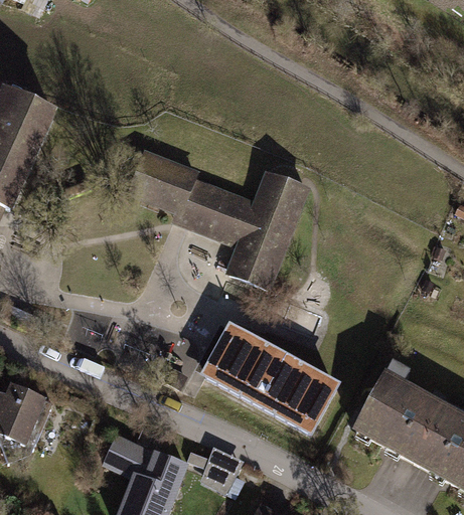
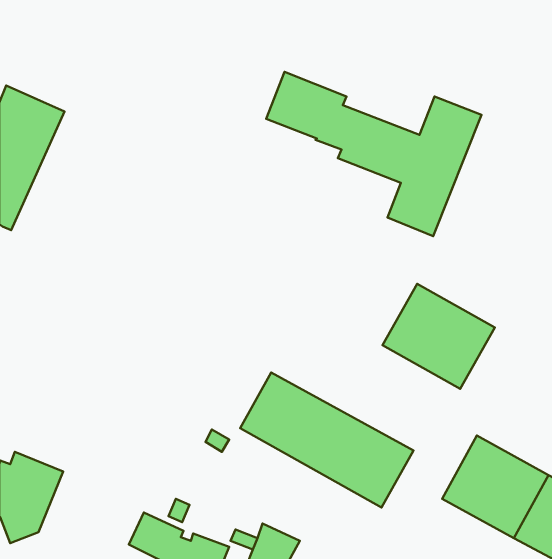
building: [132,153,307,287] -> [266,72,481,236]
building: none -> [383,284,495,389]

